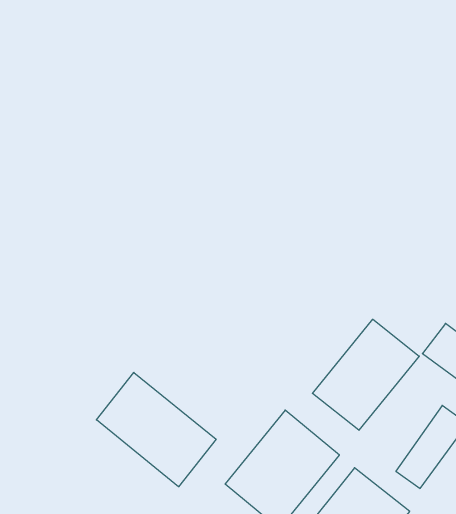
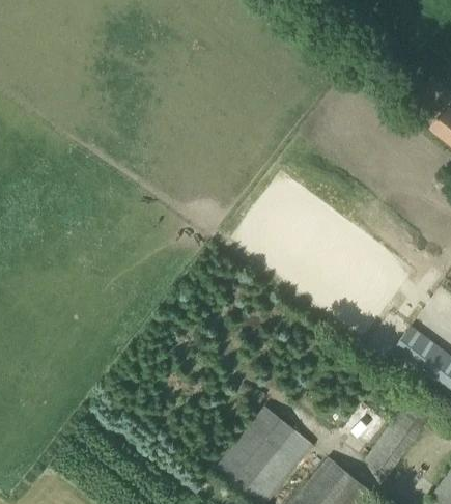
building: [312,319,419,430] -> none
building: [96,372,216,487] -> none

